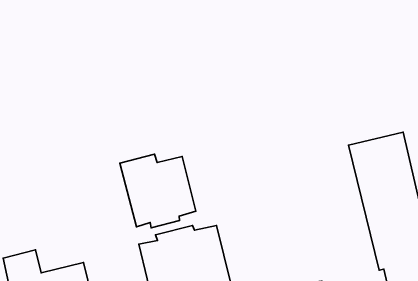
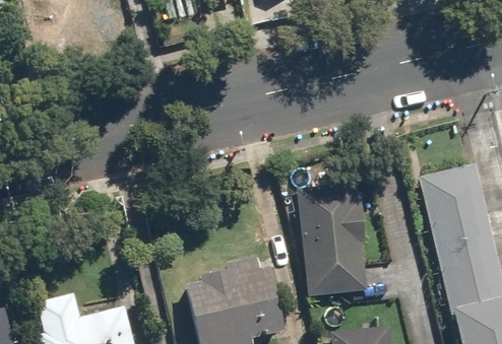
building: none -> [298,184,368,295]
building: [120,154,196,228] -> none

